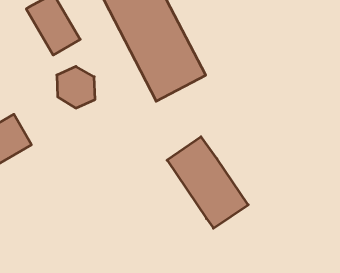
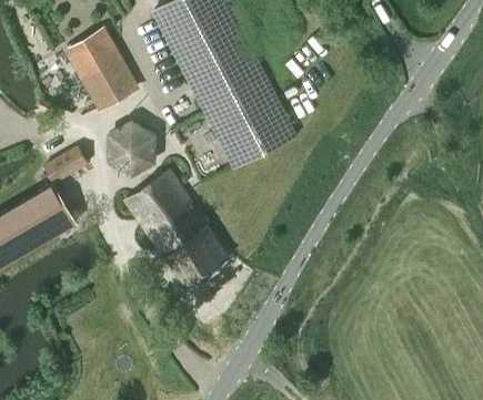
building: none -> [44,146,89,183]
building: [167,137,248,228] -> [127,172,230,288]

